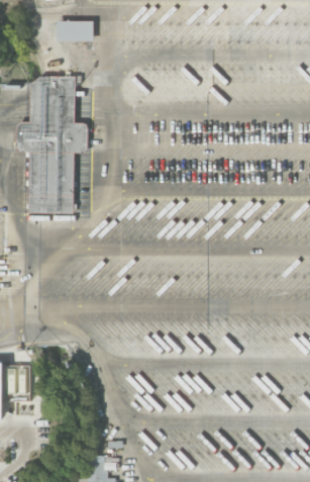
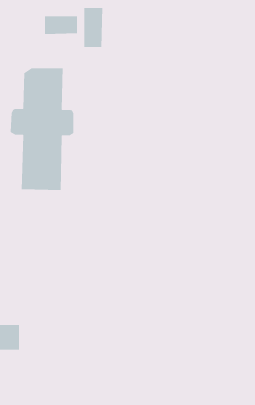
building: none -> [84,7,103,48]

